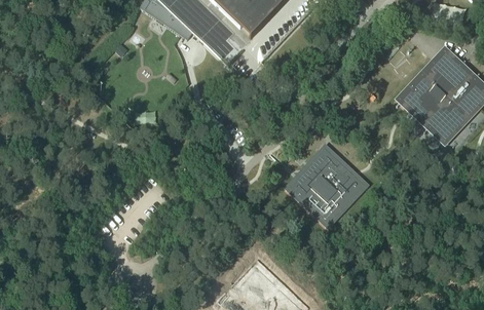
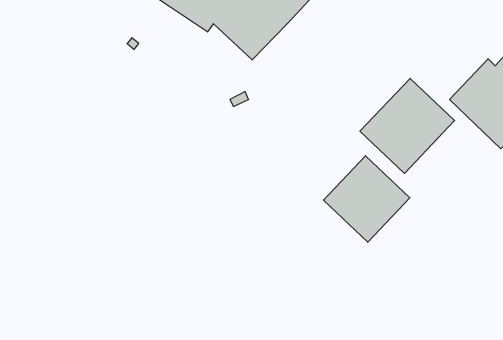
building: none -> [360,78,455,173]

